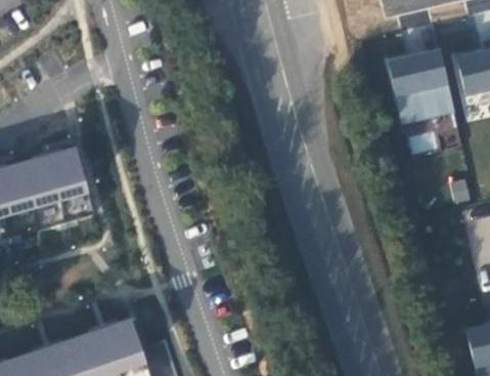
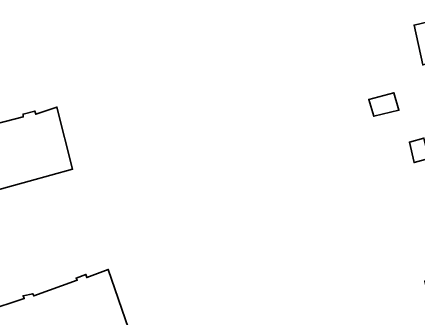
building: [386,48,455,128] -> none

